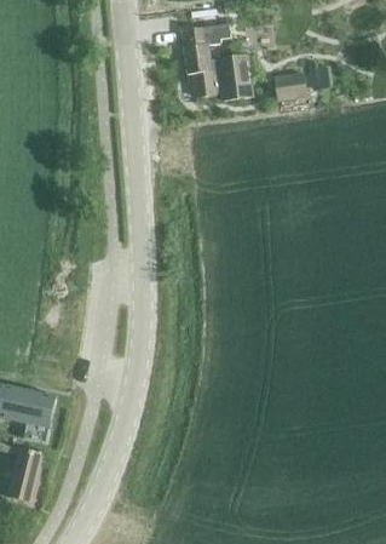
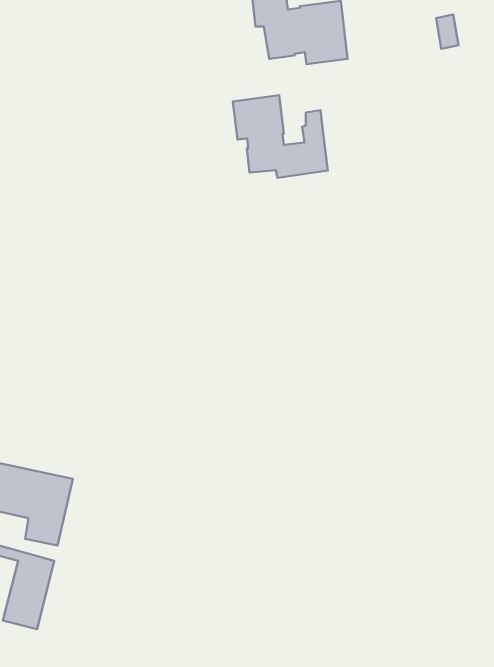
building: [273,73,306,101] -> none
building: none -> [233,95,328,178]

